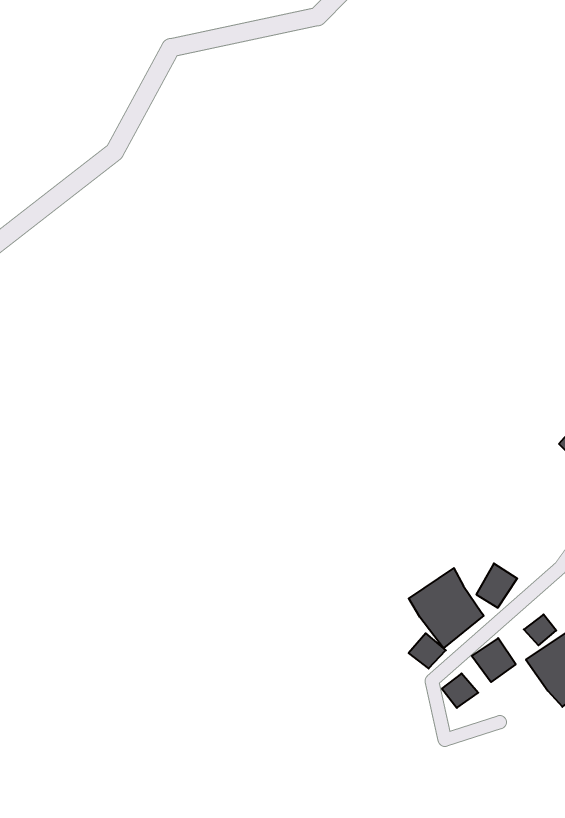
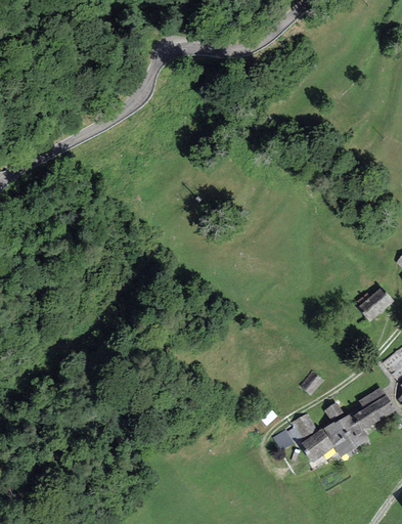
building: [409,568,484,648] -> none
building: none -> [299,427,333,463]

